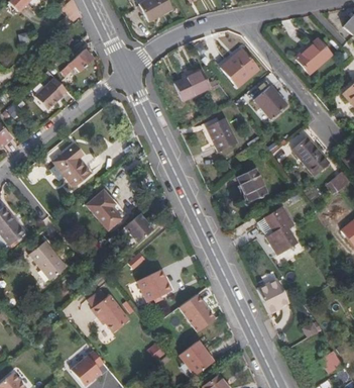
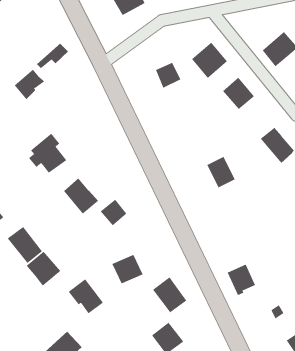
building: [206,118,236,152] -> none
building: [263,207,296,255] -> none
building: none -> [26,251,61,287]

